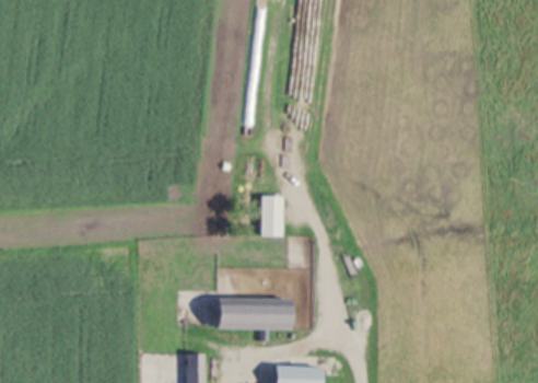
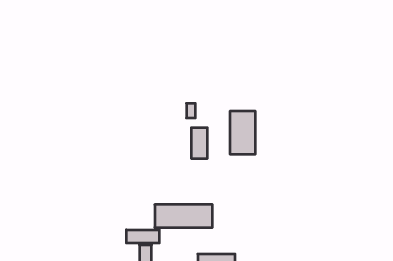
building: none -> [230,111,255,154]
building: none -> [126,230,159,243]

